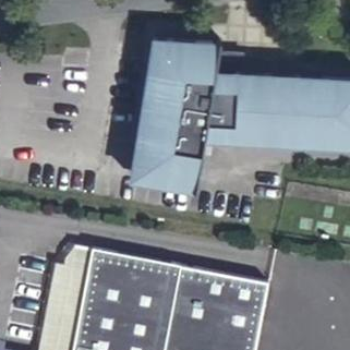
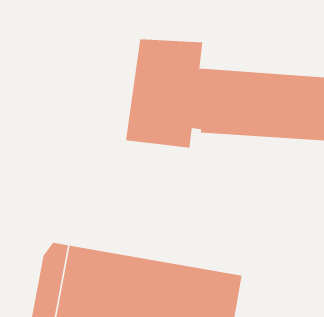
building: [138,145,208,190] -> none

